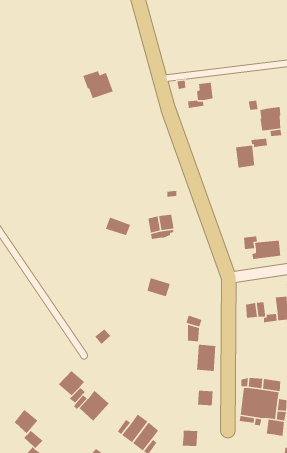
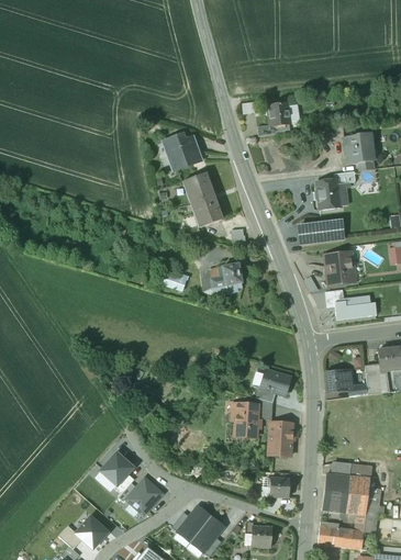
building: [82,70,114,99] -> [163,134,201,169]
building: none -> [186,172,222,225]
building: none -> [298,222,344,243]
building: none -> [325,251,353,283]
building: [146,277,171,297] -> [259,370,290,394]
building: none -> [235,403,257,437]
building: [13,409,39,434] -> [76,517,107,548]
building: none -> [316,522,363,549]

